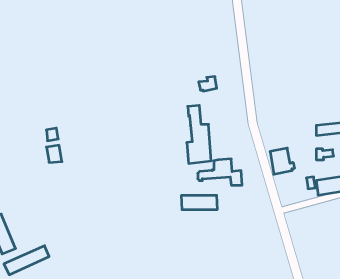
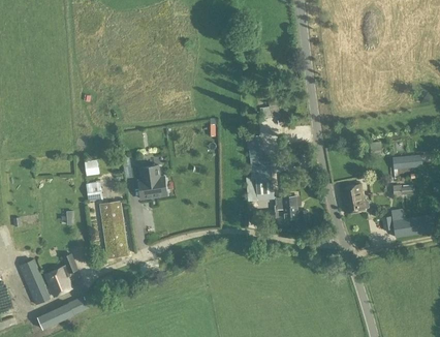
building: none -> [138,166,167,201]
building: none -> [98,200,127,257]
building: [182,195,217,210] -> none
building: none -> [43,252,76,295]

